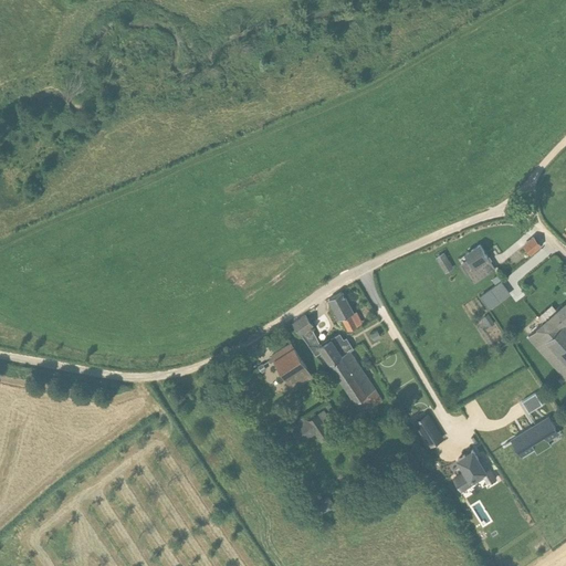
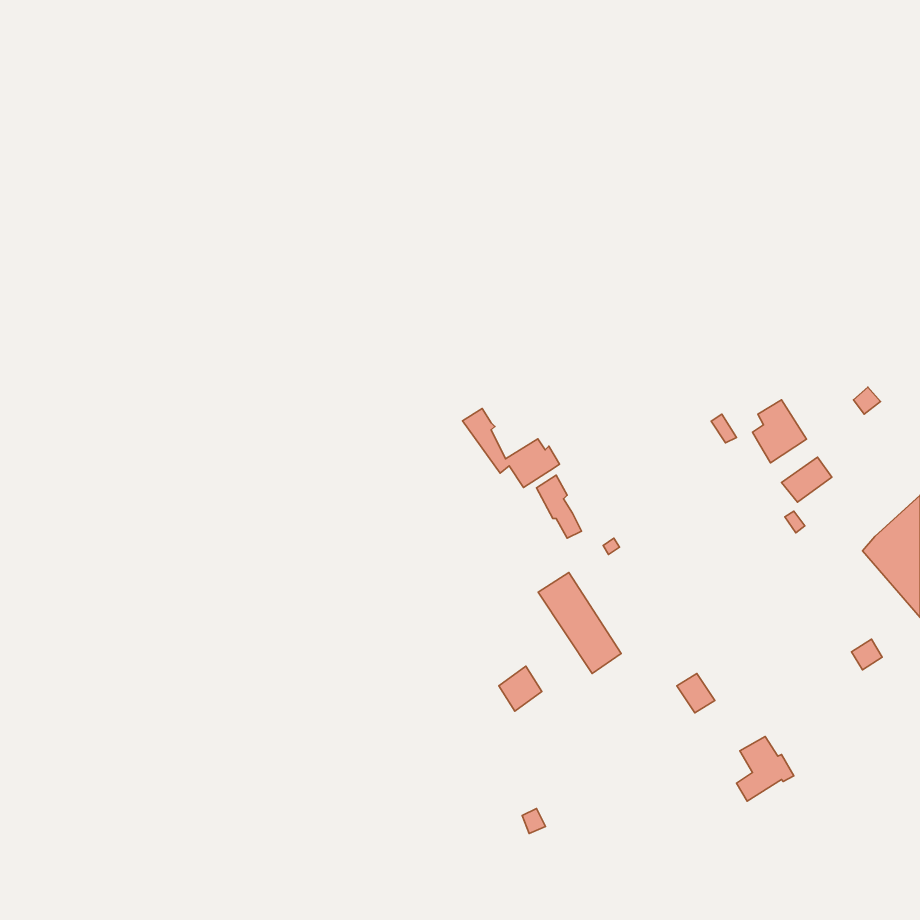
building: [293,315,353,364] -> [462,408,560,488]
building: [272,344,312,389] -> none
building: [515,418,558,453] -> none

